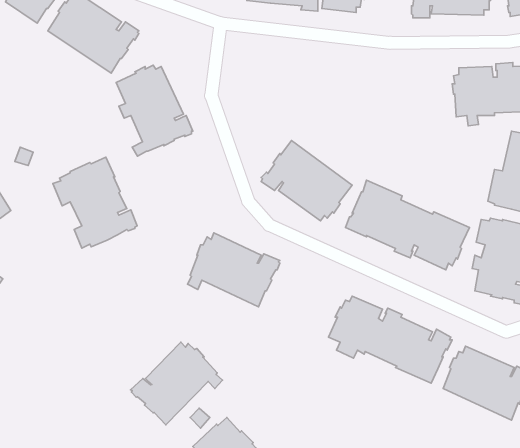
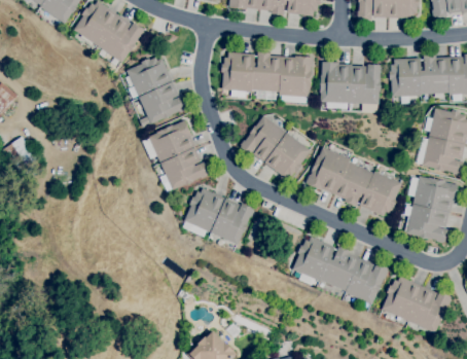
building: none -> [221,51,313,103]
building: none -> [320,62,382,112]
building: [53,157,137,248] -> [143,120,209,191]
building: [131,342,223,425] -> none

